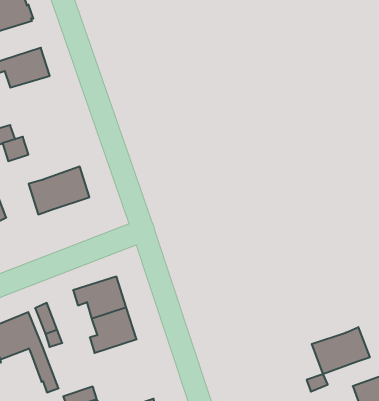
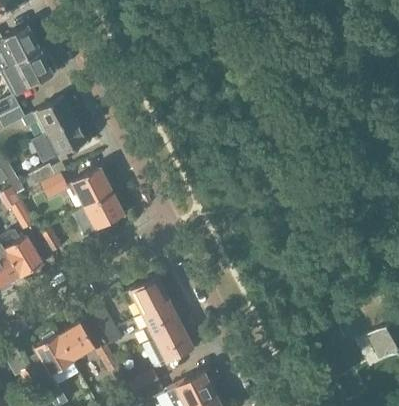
building: none -> [44,120,86,162]
building: none -> [71,168,112,207]
building: [312,327,370,374] -> none
building: none -> [149,326,194,366]

